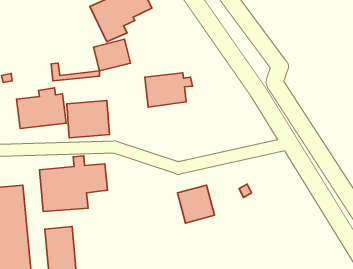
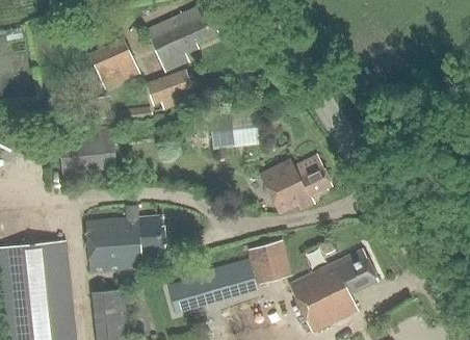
building: none -> [87,36,138,88]
building: [67,101,109,138] -> none
building: none -> [259,155,331,214]
building: none -> [289,249,376,333]
building: none -> [169,263,256,314]

